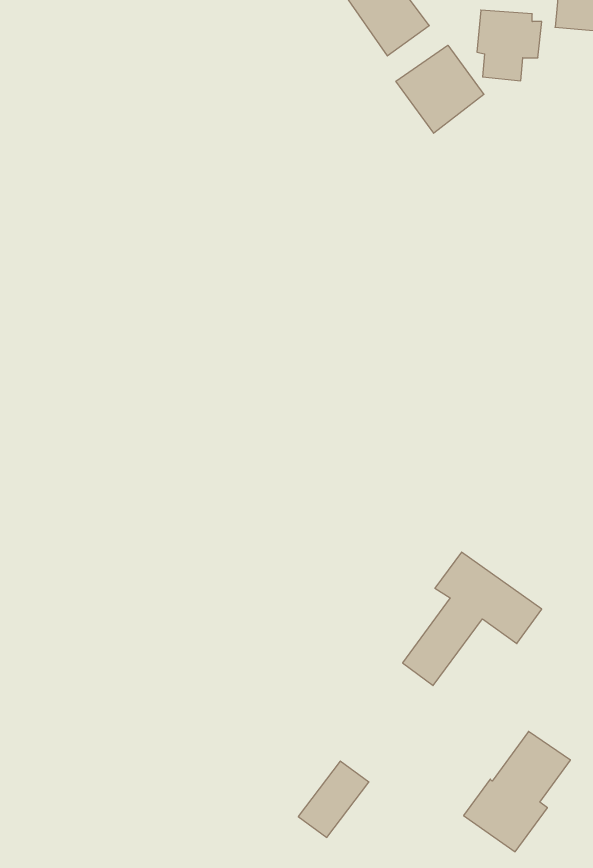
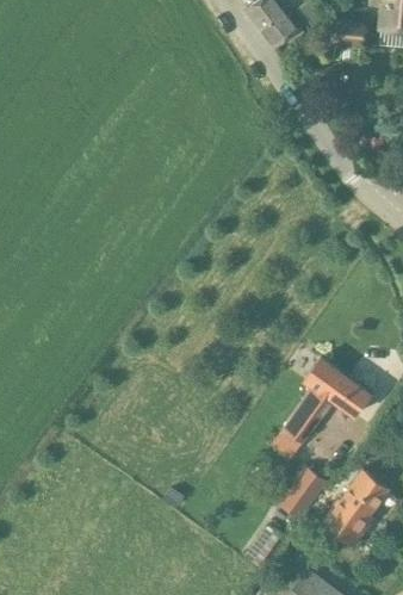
building: [396,45,484,133] -> none
building: [298,761,369,837] -> [279,471,323,519]

